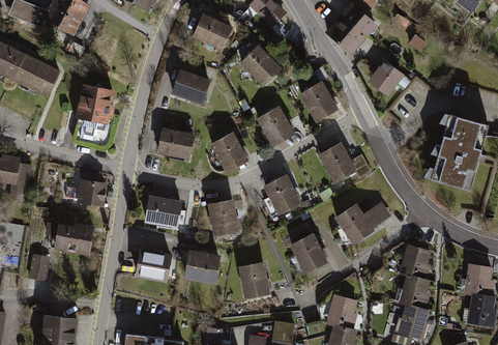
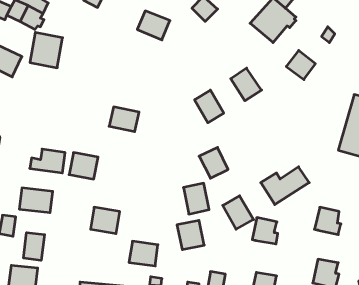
building: [241,48,281,87] -> none
building: [174,71,211,103] -> none
building: [75,86,113,127] -> [30,32,63,68]
building: [211,134,245,169] -> none
building: [320,145,356,182] -> none
building: [146,197,180,228] -> [69,153,98,179]
building: [208,199,238,235] -> [183,183,209,214]
building: [185,252,219,281] -> [129,241,158,266]
building: [399,274,431,312] -> none
building: none -> [24,233,45,260]
building: [328,296,358,327] -> [252,218,278,244]

